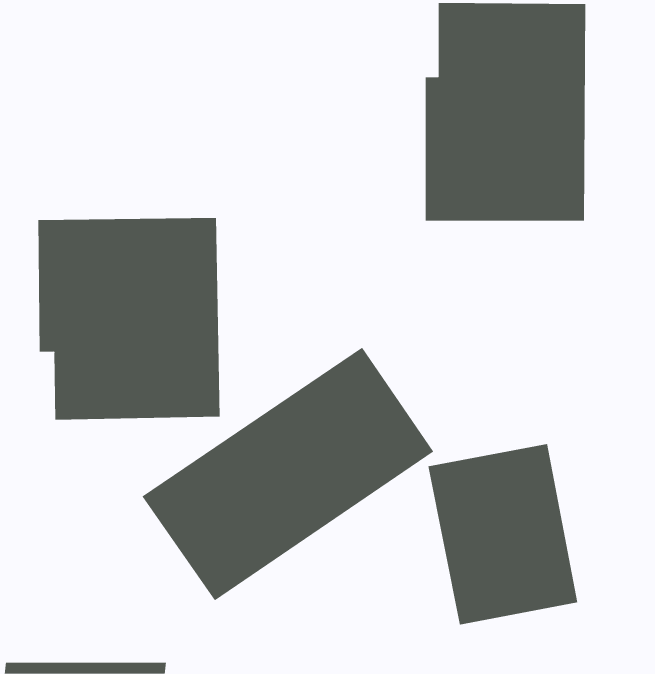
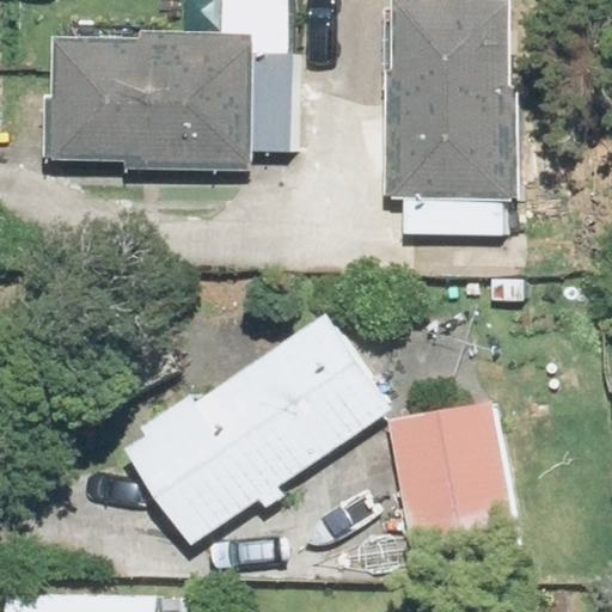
building: none -> [45,35,247,167]
building: [38,217,220,421] -> none

